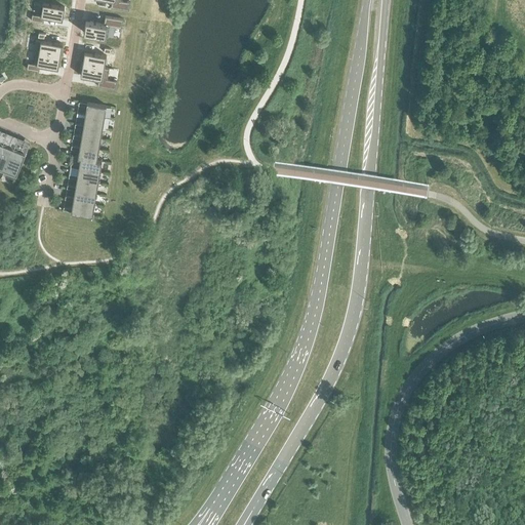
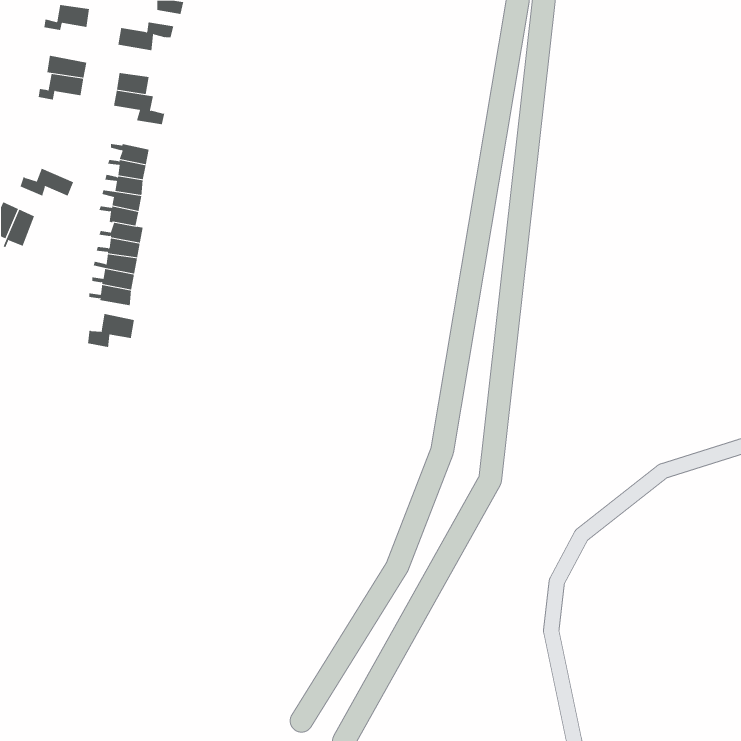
building: none -> [20,168,74,196]
building: none -> [87,313,135,348]

